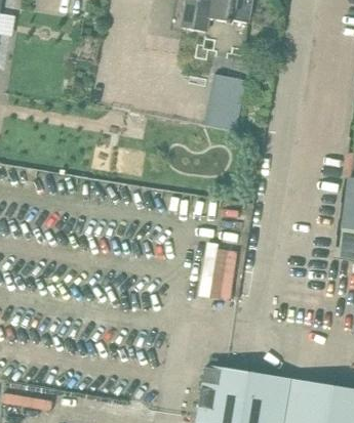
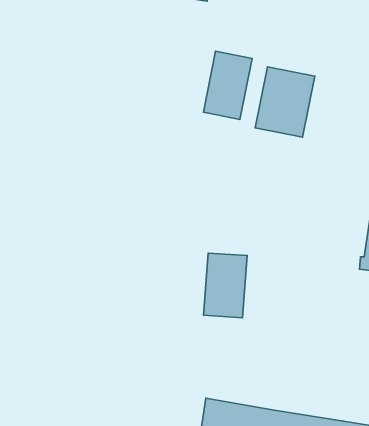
building: none -> [255,67,315,137]

